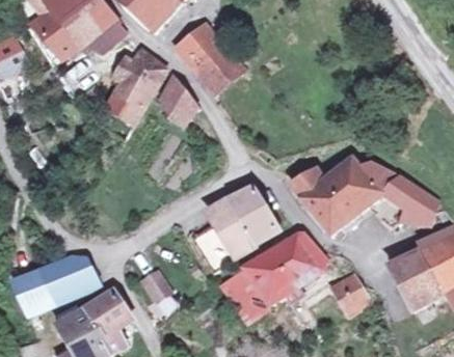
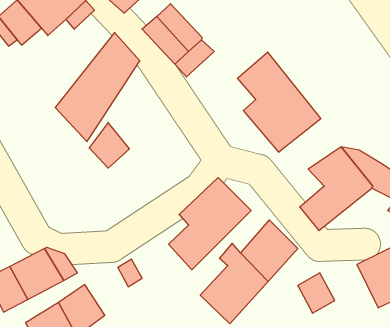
building: none -> [237,52,321,152]
building: [154,76,193,120] -> [89,122,129,168]
building: [302,169,349,215] -> none

